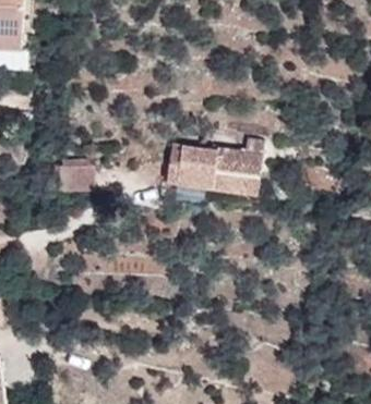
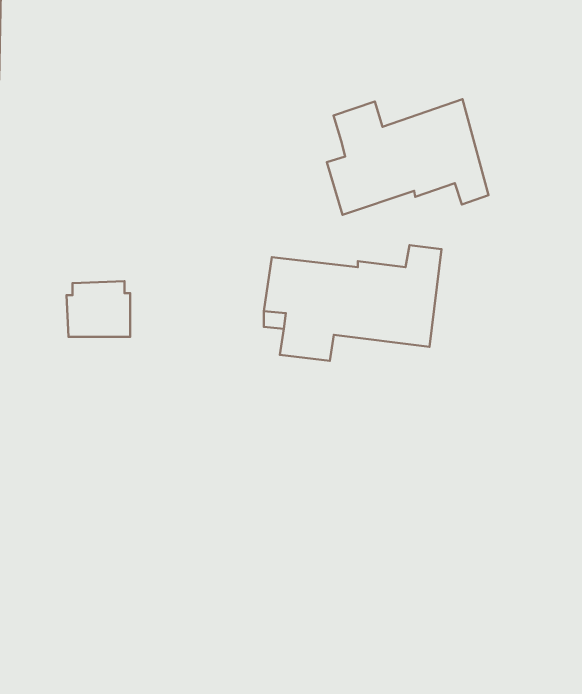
building: none -> [327,99,488,215]

